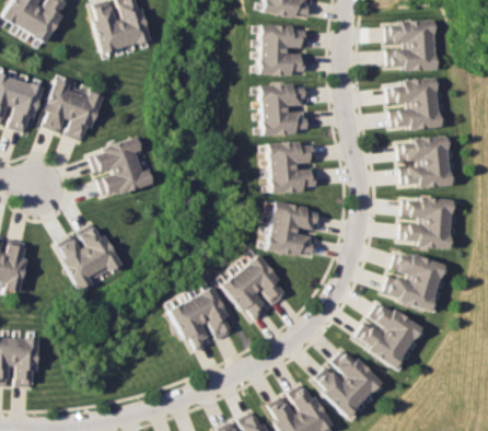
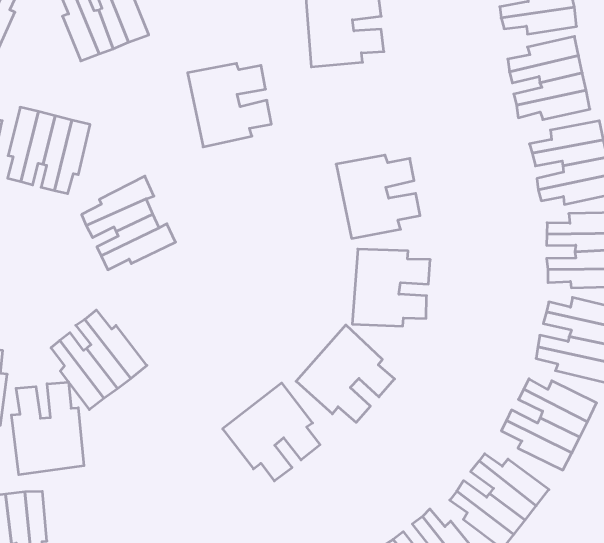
building: [258,82,311,136] -> [188,63,271,147]
building: none -> [11,382,84,475]

